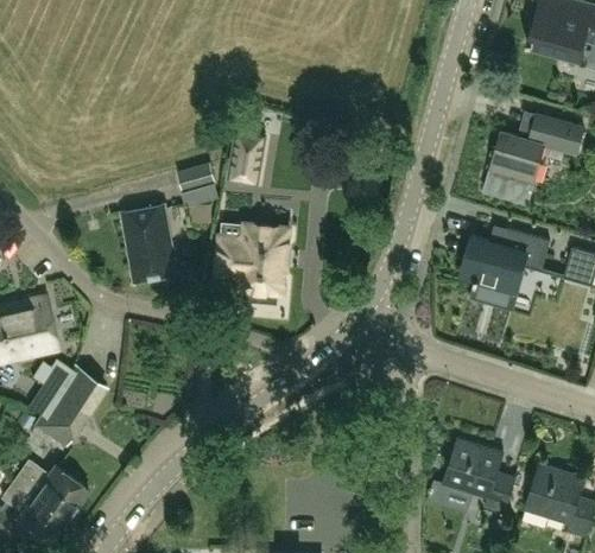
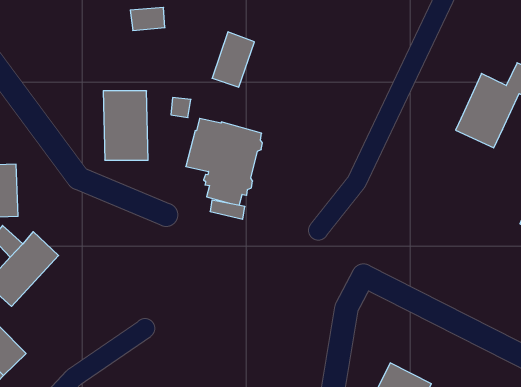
building: [176,164,214,192] -> [130,7,165,30]
building: [461,228,549,293] -> none

